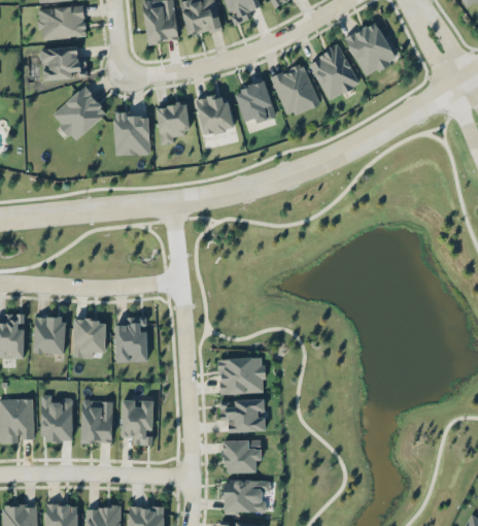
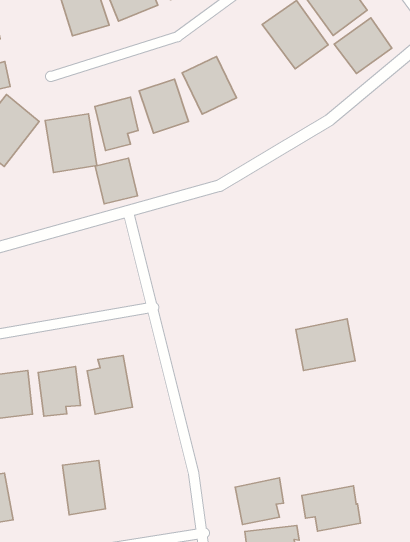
building: [270,62,320,118] -> none
building: none -> [334,18,392,73]
building: none -> [95,158,137,204]
building: [219,357,265,394] -> [296,319,355,370]
building: [41,394,73,441] -> none
building: [121,399,152,445] -> none
building: [220,399,266,432] -> [302,486,361,531]

